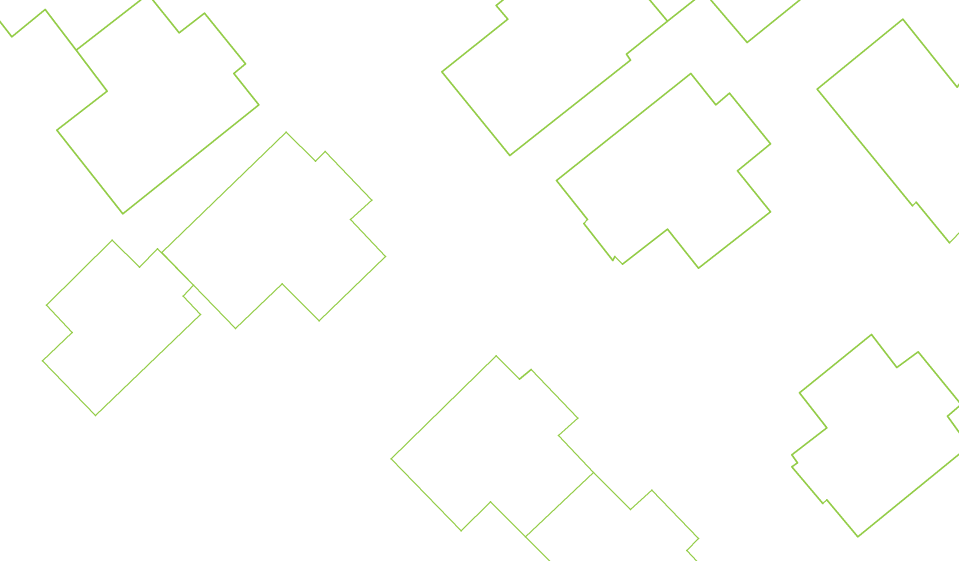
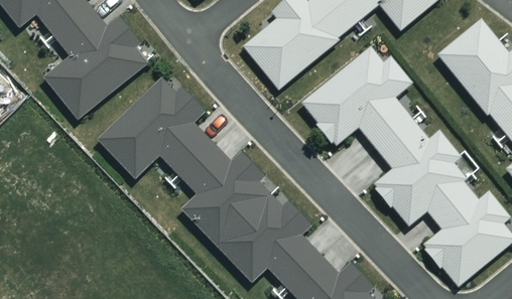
building: none -> [373,118,468,227]
building: [43,240,200,415] -> none
building: none -> [178,141,270,246]

